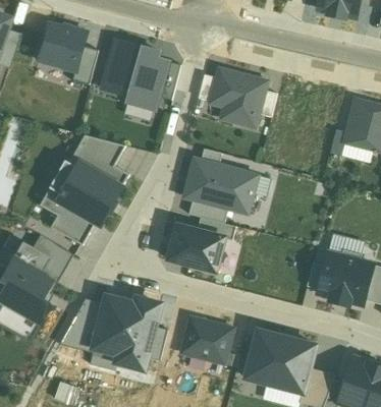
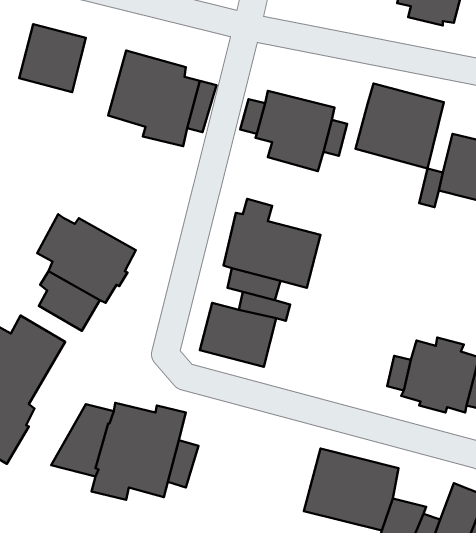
building: [73,46,98,84] -> none
building: none -> [356,83,444,168]
building: [69,134,130,186] -> none
building: [182,317,232,362] -> none

